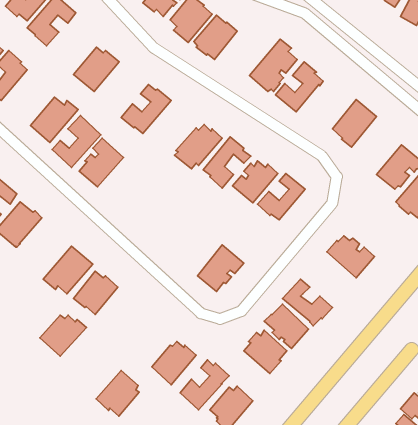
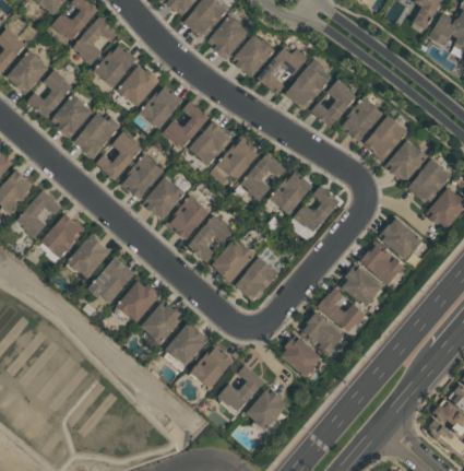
building: none -> [93,46,136,87]
building: none -> [258,48,308,94]
building: none -> [138,87,183,130]
building: none -> [50,90,92,139]
building: none -> [341,96,383,142]
building: none -> [188,120,231,165]
building: none -> [384,141,428,180]
building: none -> [141,177,185,220]
building: none -> [165,196,210,242]
building: none -> [188,215,234,262]
building: none -> [382,220,426,259]
building: none -> [67,234,109,279]
building: none -> [211,239,254,283]
building: none -> [340,268,381,308]
building: [40,315,86,356] -> [140,305,185,344]
building: [96,371,139,416] -> [164,322,205,366]

